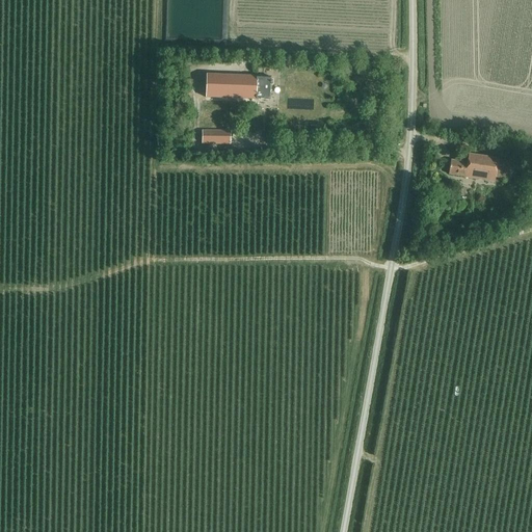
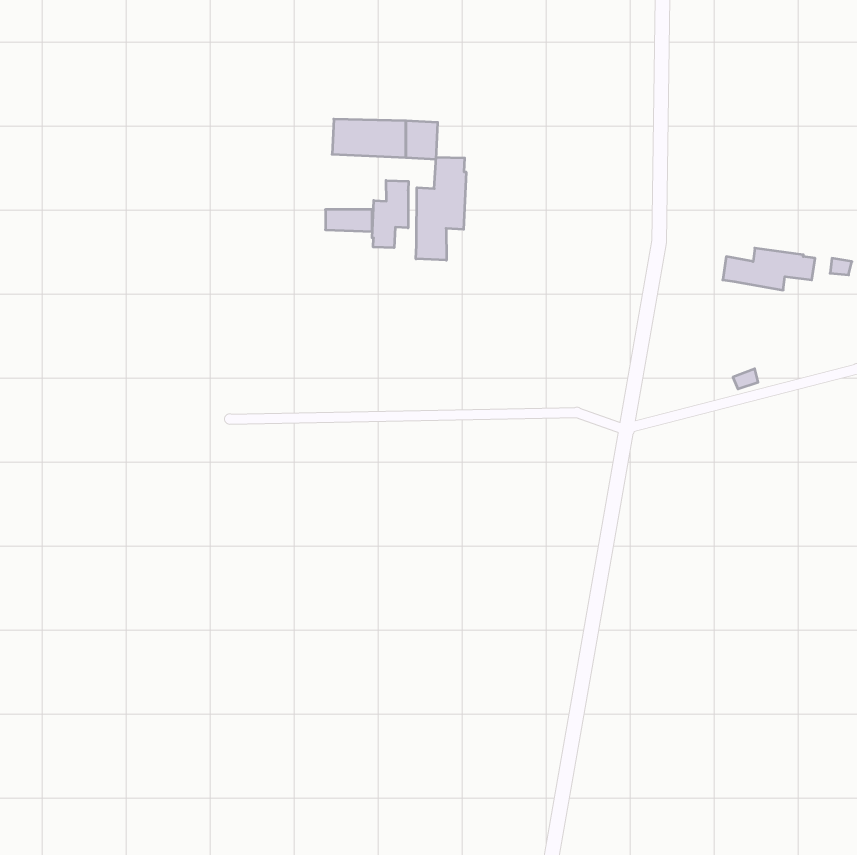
building: none -> [416,157,466,260]
building: none -> [372,180,408,248]

